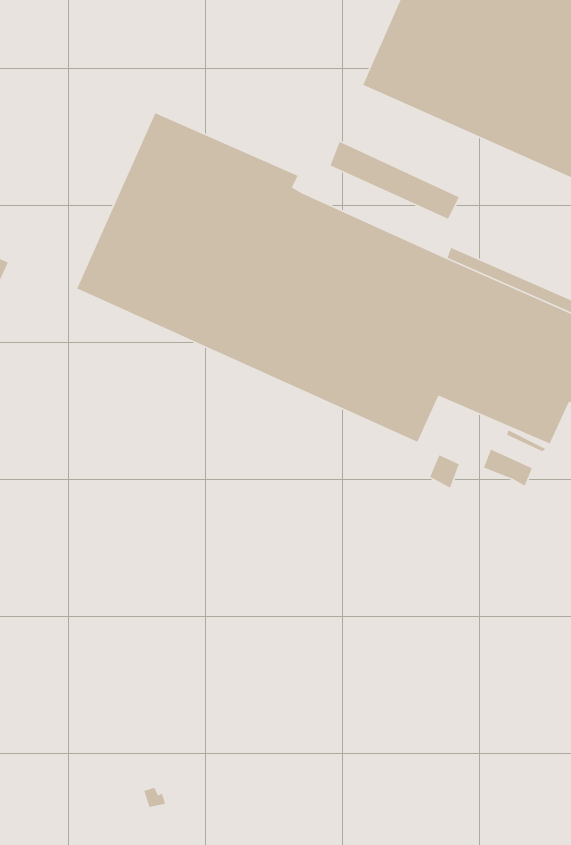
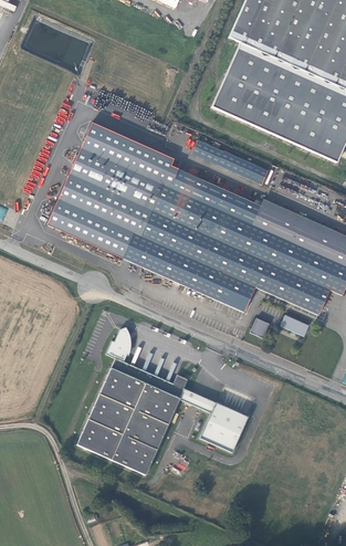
building: none -> [77,328,249,473]

